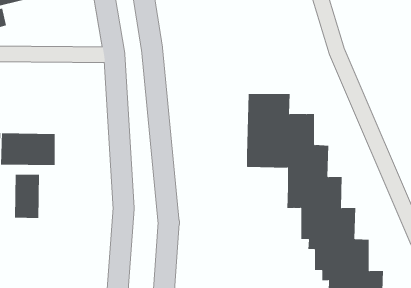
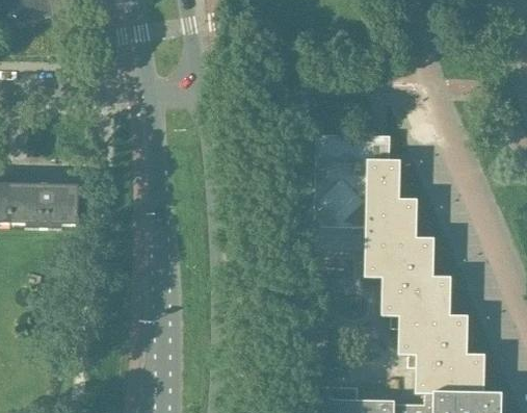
building: [14,174,39,219] -> none

